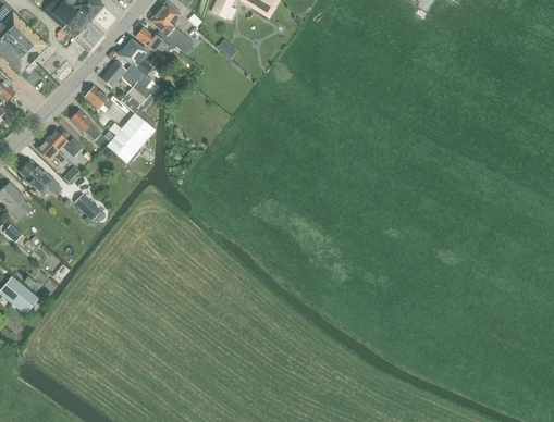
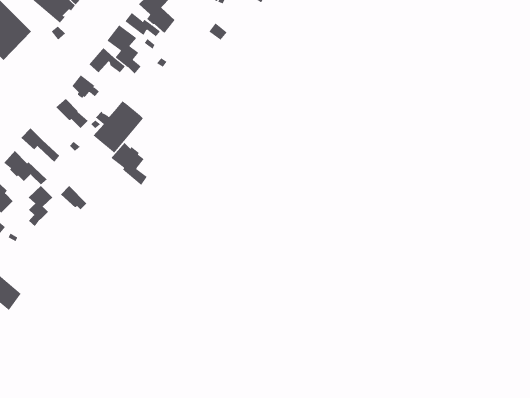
building: [121,79,151,114] -> none
building: [46,128,83,157] -> none
building: none -> [110,142,148,186]
building: none -> [28,185,53,227]

